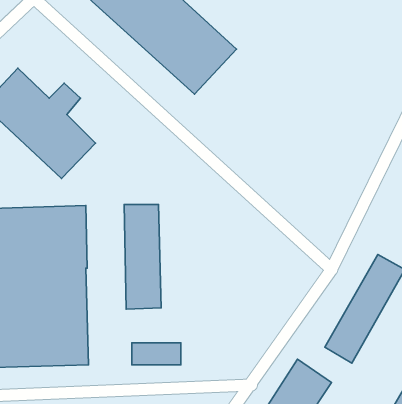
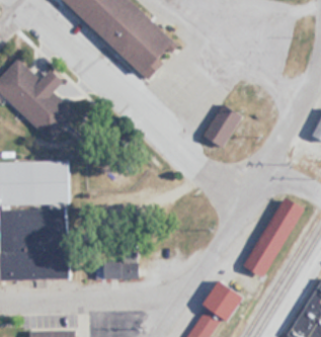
building: none -> [202,102,242,148]
building: [124,204,161,309] -> none

